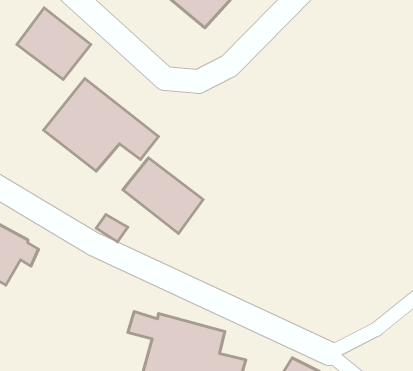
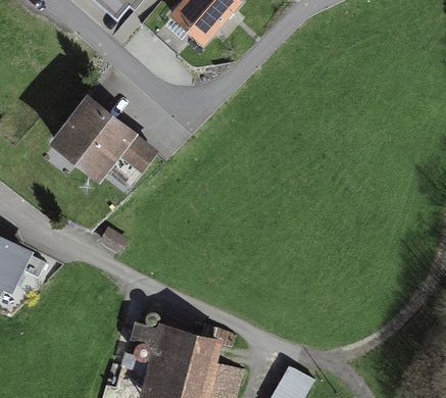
building: [17,8,91,79] -> none
building: [123,158,203,234] -> none

